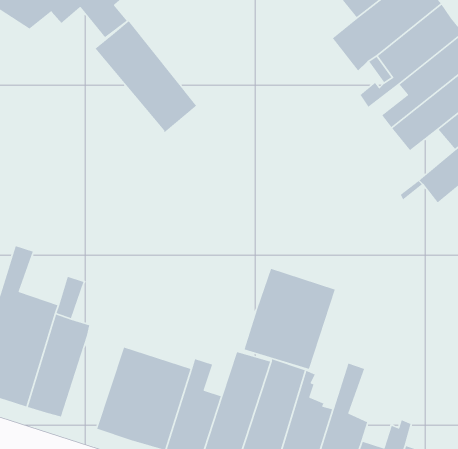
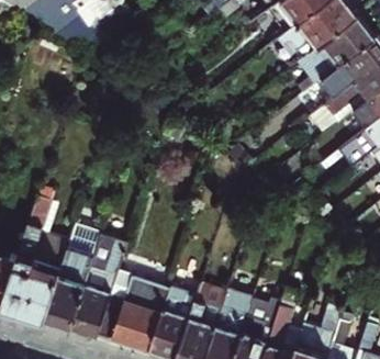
building: [95,20,197,133] -> none
building: [244,268,336,370] -> none
building: none -> [69,242,125,339]

